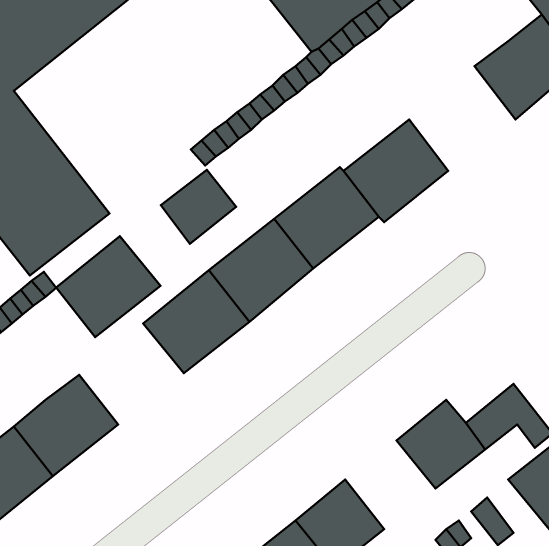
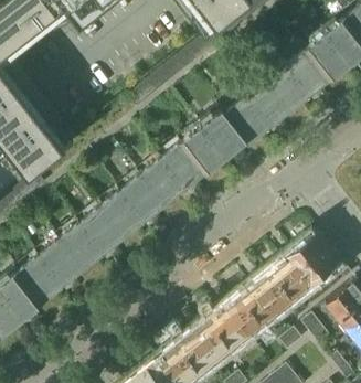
building: none -> [265,47,331,113]
building: [161,170,236,244] -> none
building: [56,236,161,337] -> [60,208,125,270]
building: none -> [288,231,330,269]
building: none -> [225,280,282,336]

